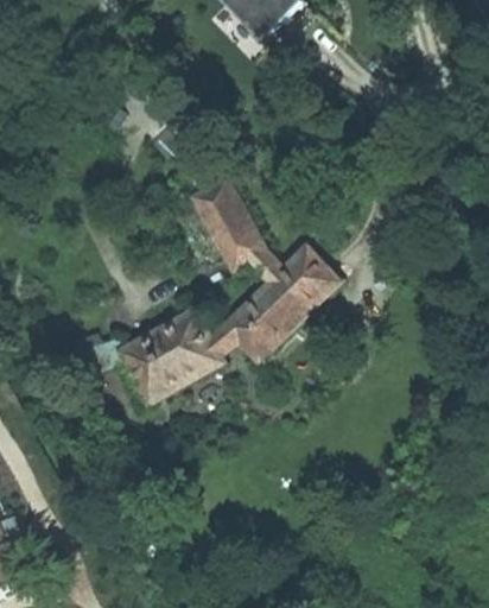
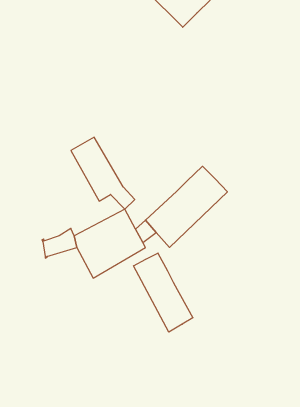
building: [191,177,282,280] -> [71,137,135,209]
building: none -> [134,253,193,332]

